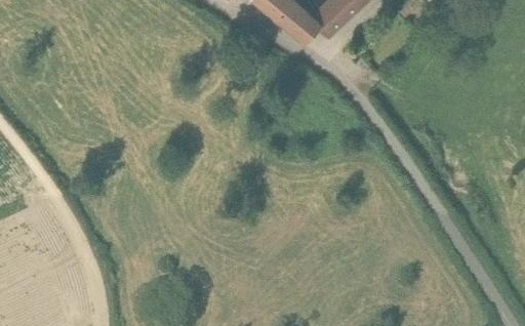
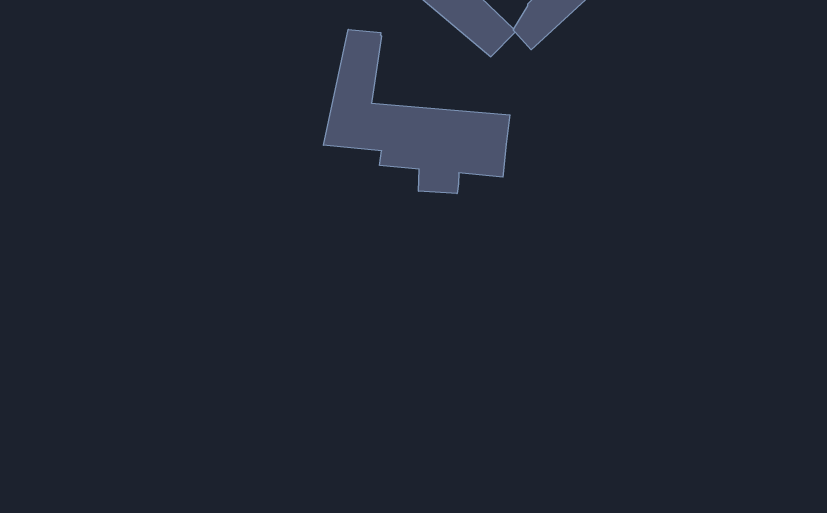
building: none -> [323,29,510,194]

